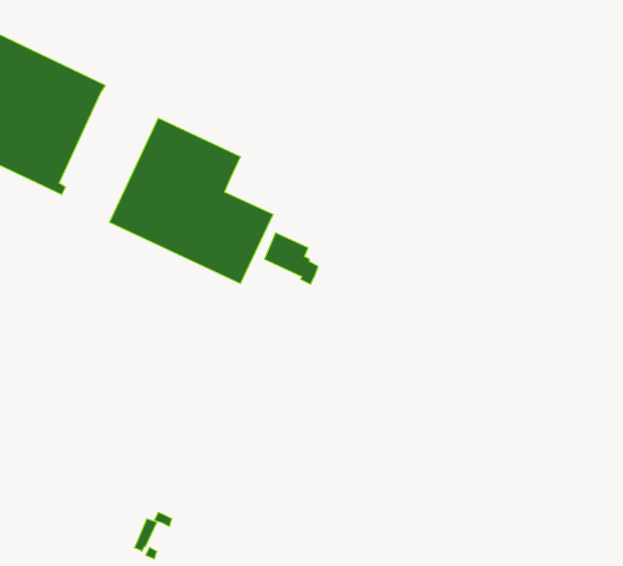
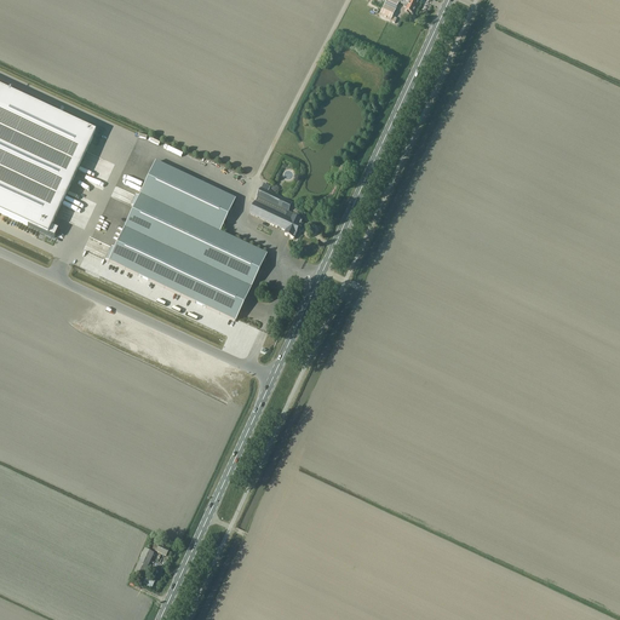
building: [264,233,318,284] -> [248,185,300,235]

